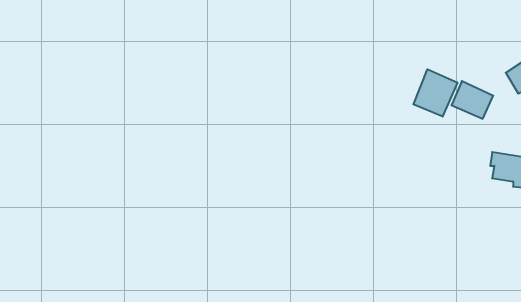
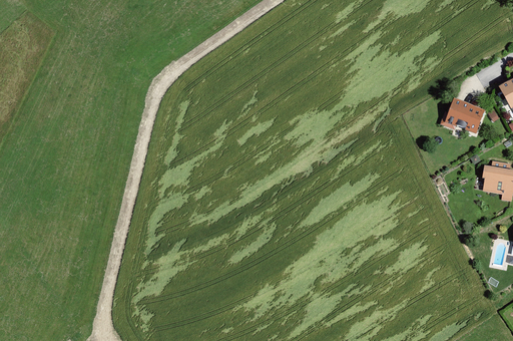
building: [413,69,457,117] -> none

